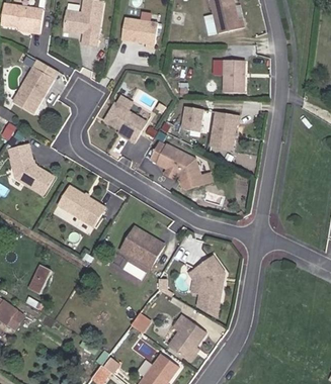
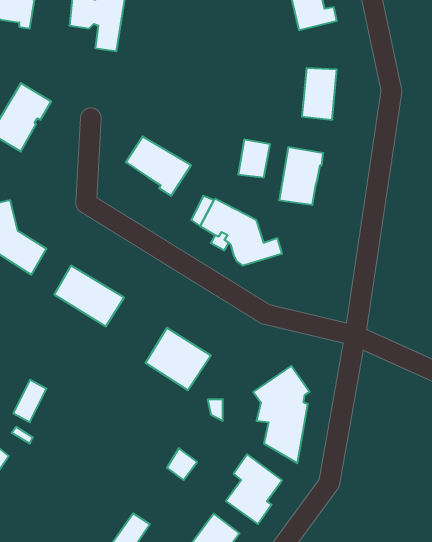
building: [121,18,159,49] -> none

